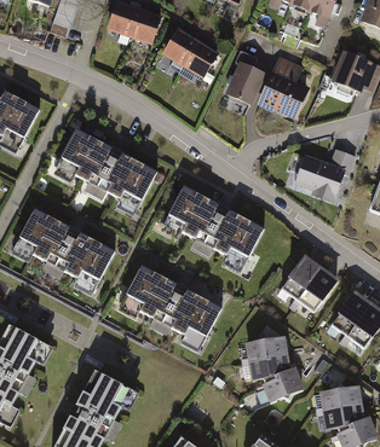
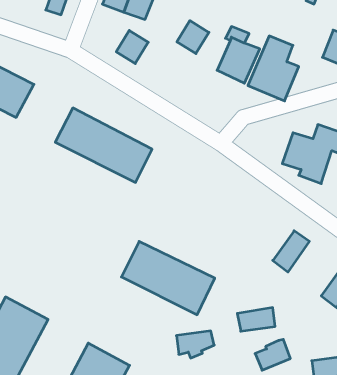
building: [165,29,197,63] -> [116,30,148,64]
building: [167,188,264,263] -> none
building: [17,208,117,289] -> none
building: [298,267,336,309] -> none
building: [249,354,288,382] -> [176,331,214,358]

